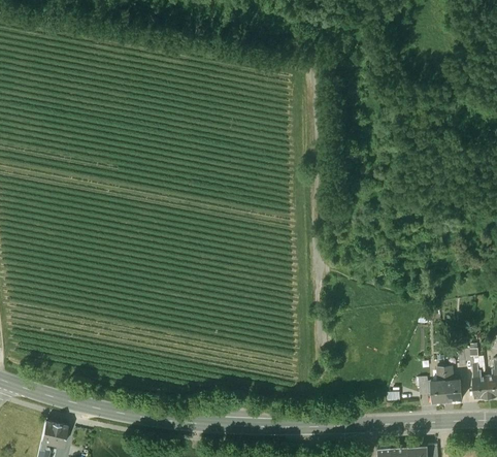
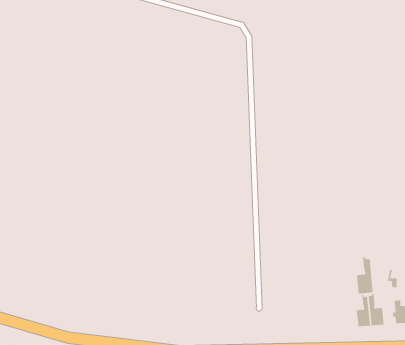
building: none -> [357,257,373,295]

